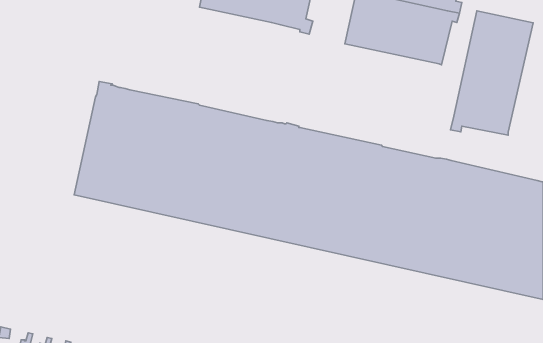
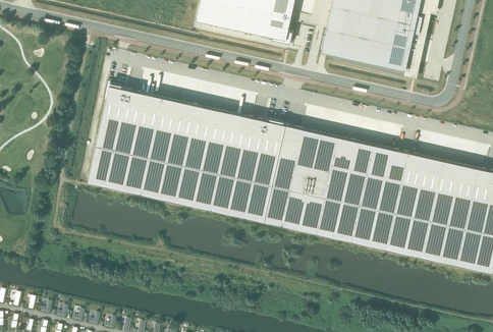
building: [451,11,533,135] -> none

